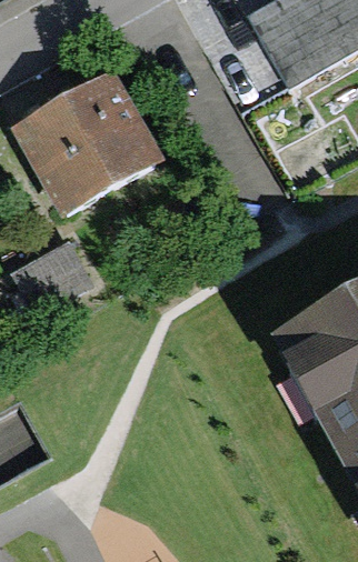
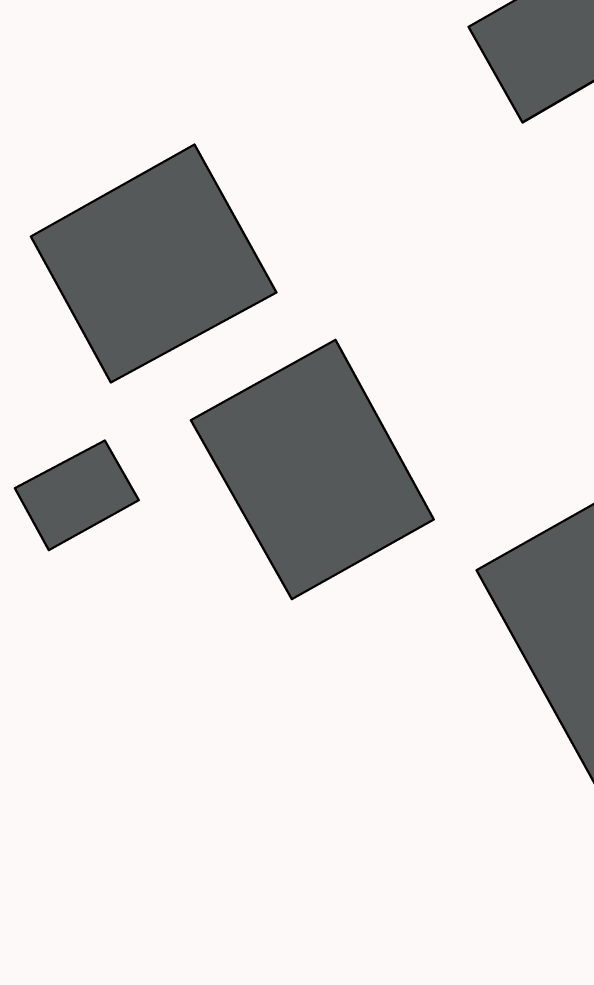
building: none -> [191,340,434,599]

